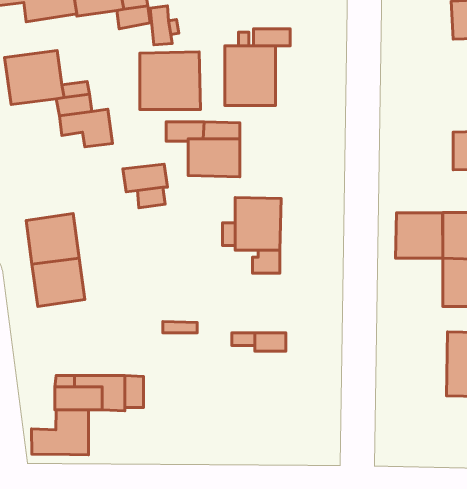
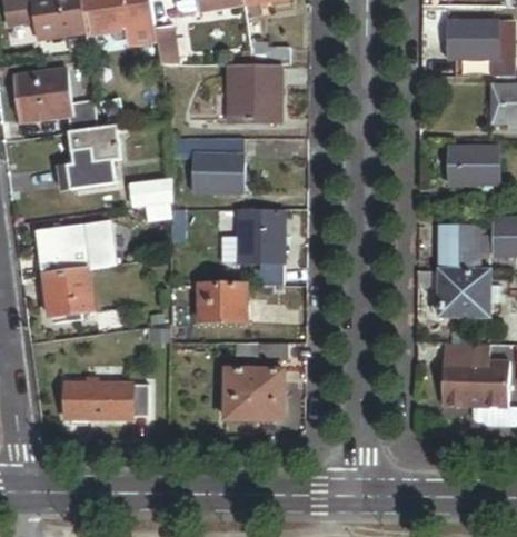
building: [140,52,200,110] -> none
building: none -> [54,147,115,190]
building: none -> [81,222,115,269]
building: [396,213,443,258] -> none
building: none -> [199,284,246,321]
building: none -> [225,368,282,419]
building: [32,410,89,455] -> none

